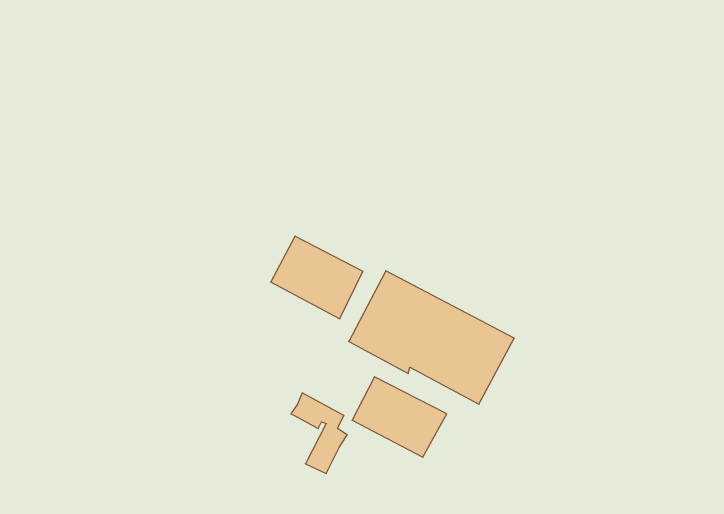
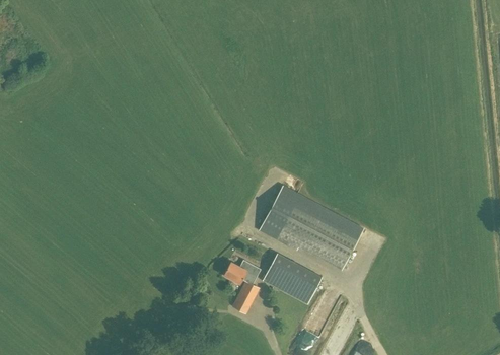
building: [271,236,363,319] -> none

